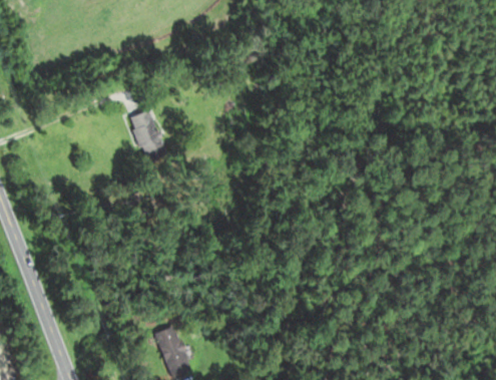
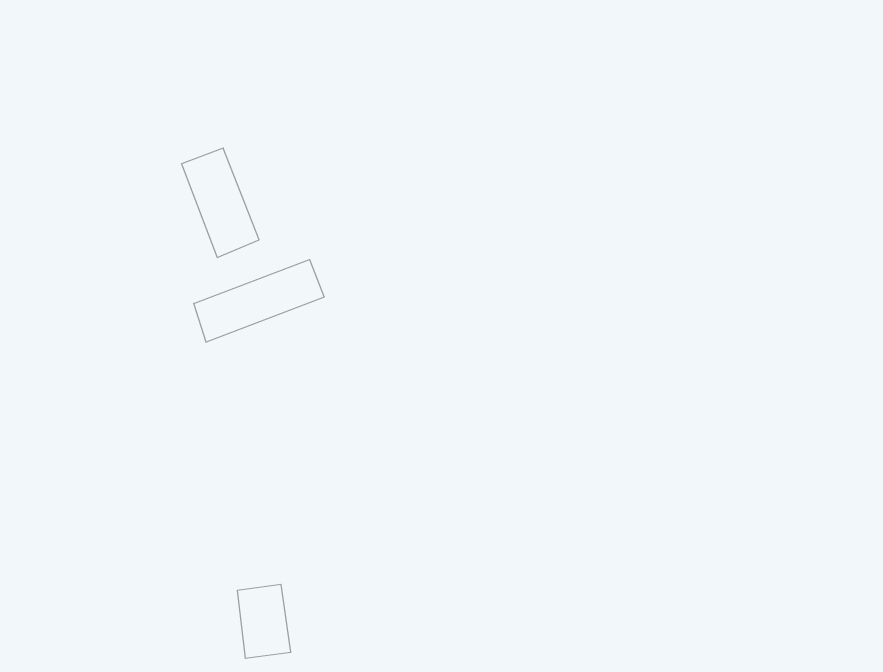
building: none -> [194,260,324,342]

